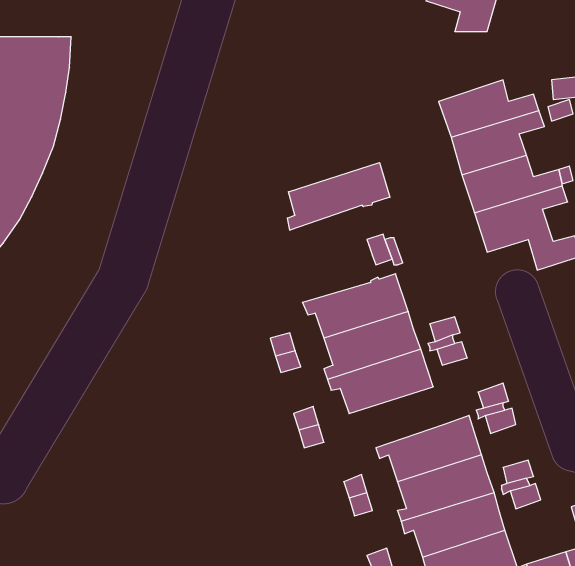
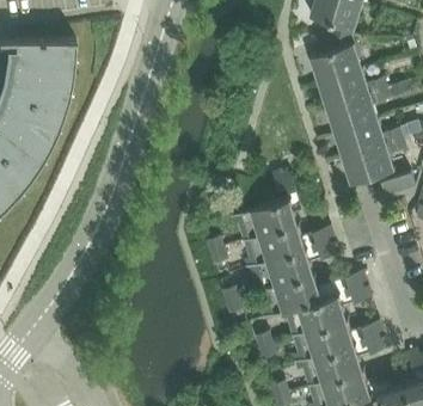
building: none -> [311,37,362,84]
building: [287,163,390,230] -> none
building: none -> [258,273,323,320]

